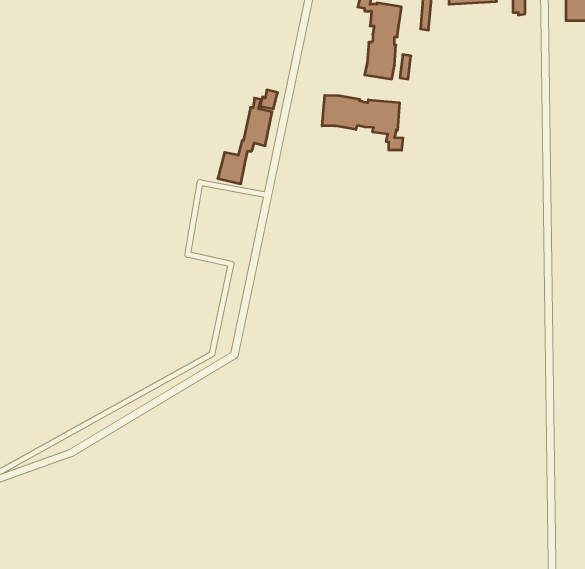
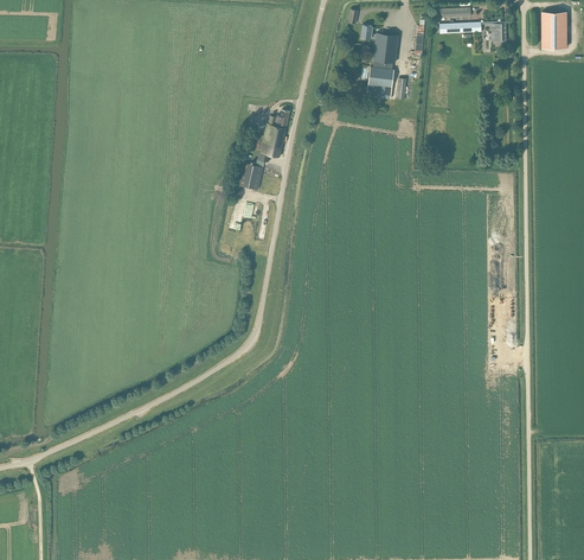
building: [322,95,403,150] -> none

